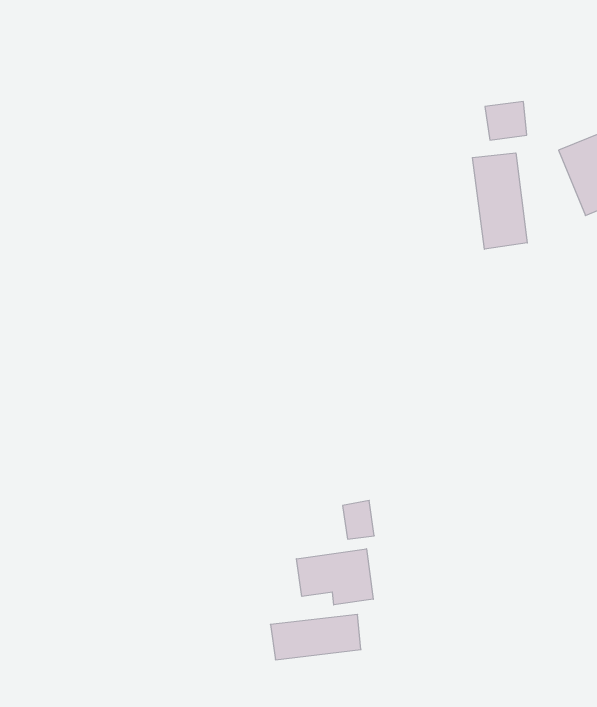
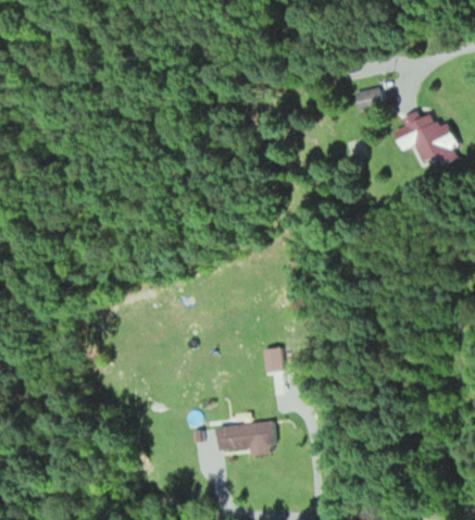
building: [472,153,527,249] -> none
building: [296,549,373,605] -> none

